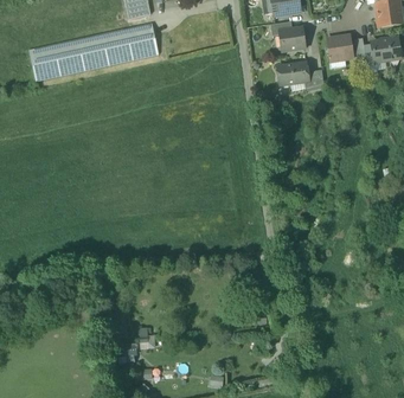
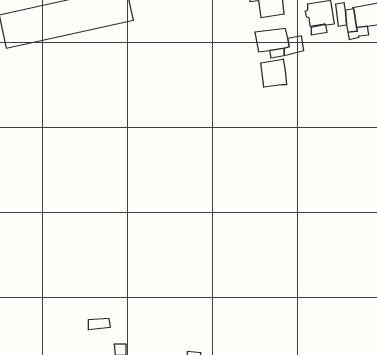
building: none -> [261,59,287,87]

